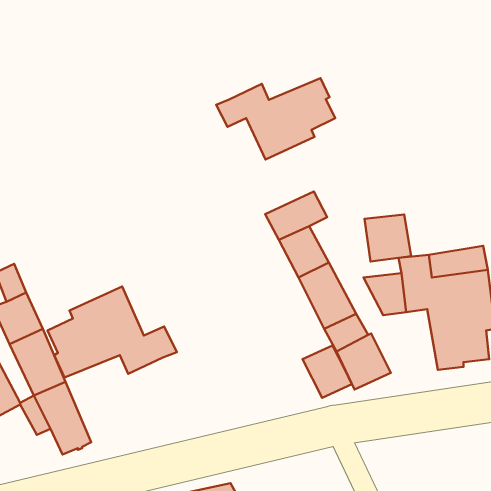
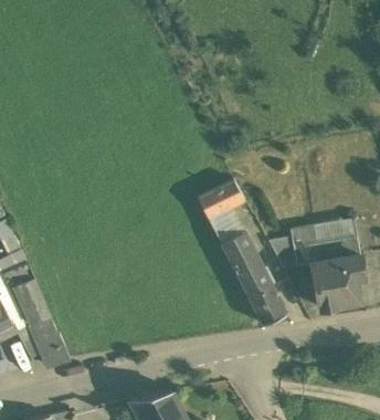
building: [216,78,335,160] -> none
building: [364,215,411,261] -> none
building: [47,287,177,377] -> none
building: [303,346,352,398] -> none

